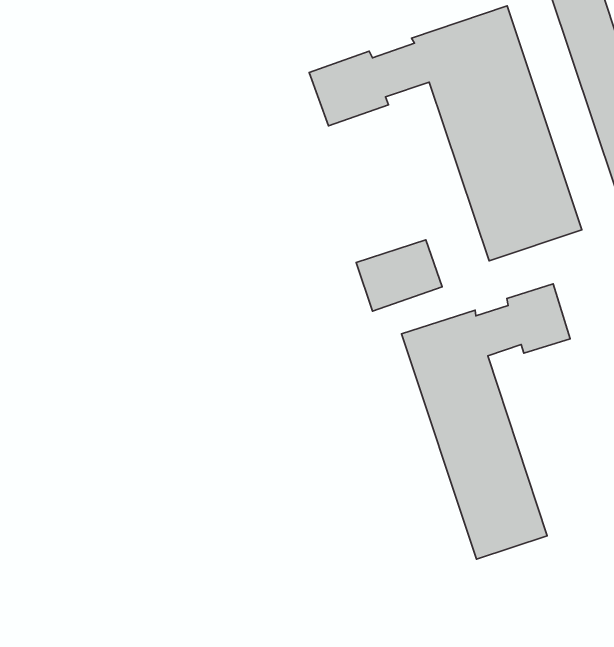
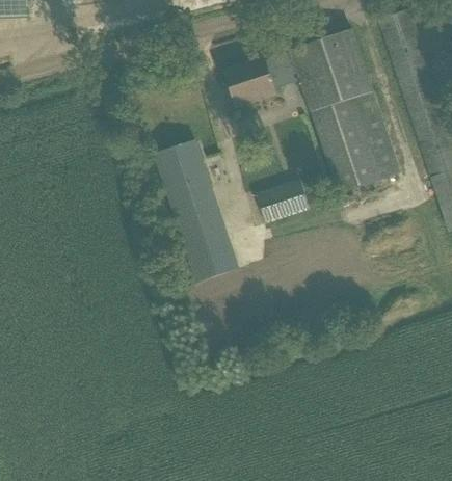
building: none -> [154,140,238,282]
building: [402,284,570,559] -> none

